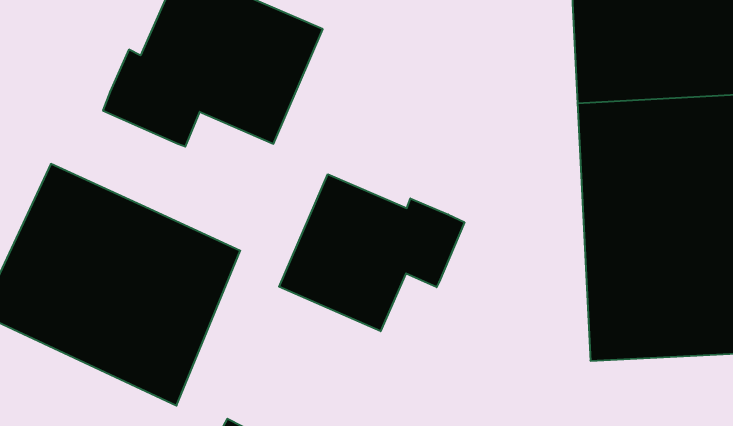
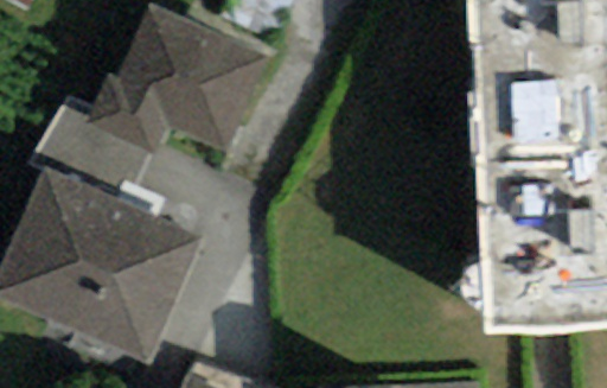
building: none -> [34,94,151,202]
building: [279,174,464,331] -> none

